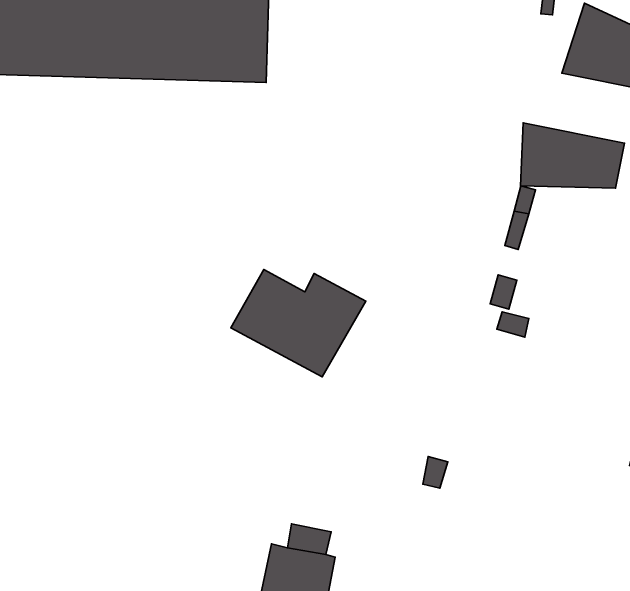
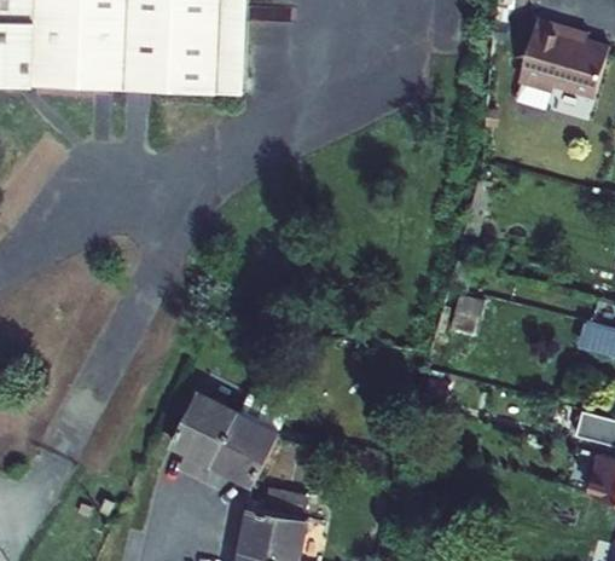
building: [521,123,624,188] -> none
building: [231,269,366,377] -> [161,382,284,480]

